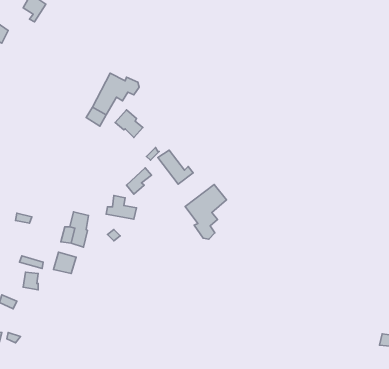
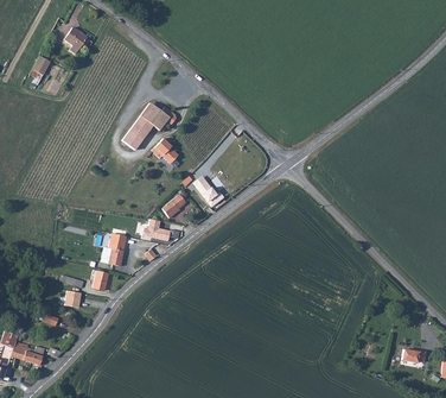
building: [185,184,227,239] -> none

